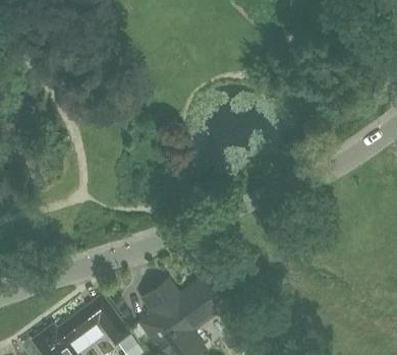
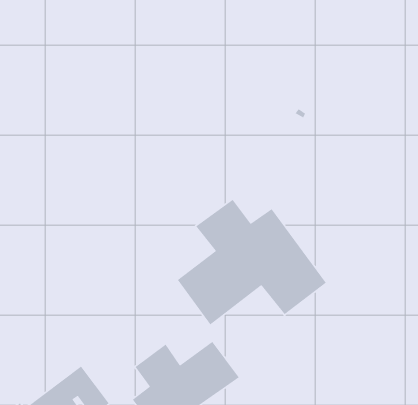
building: none -> [177,199,327,326]

